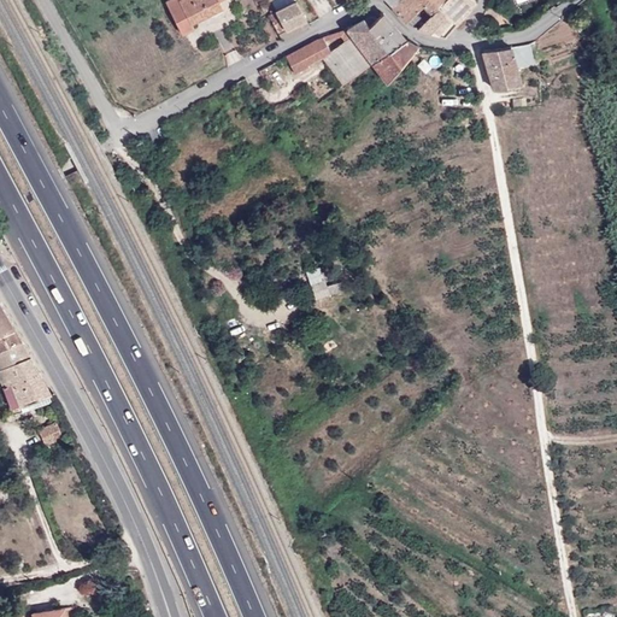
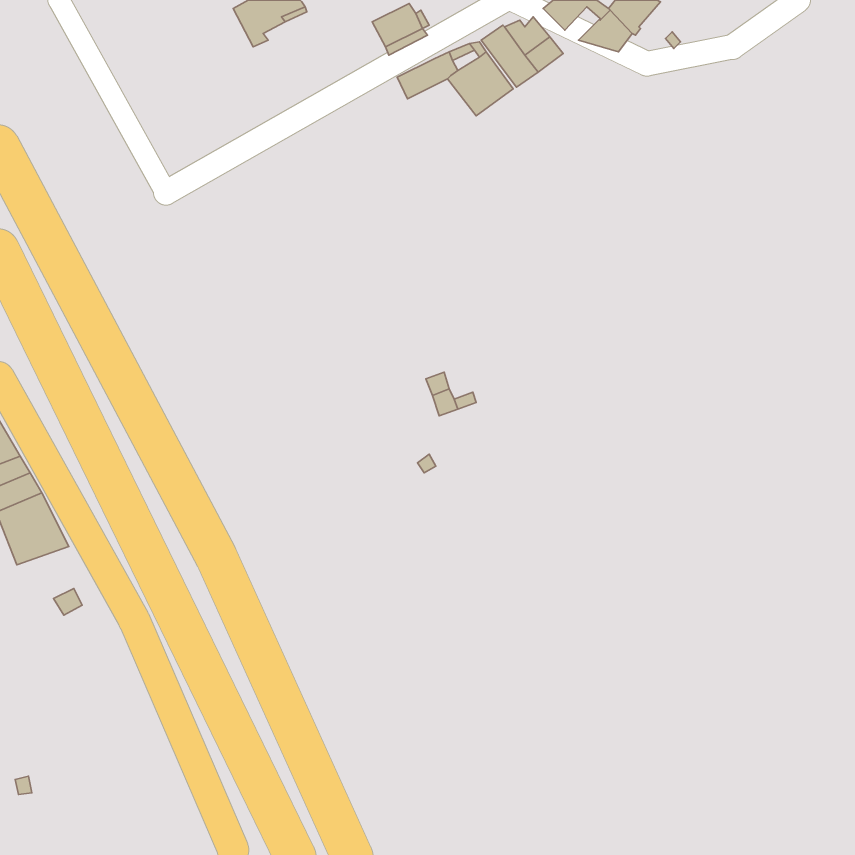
building: [371,40,417,84] -> none
building: [480,45,533,89] -> none

